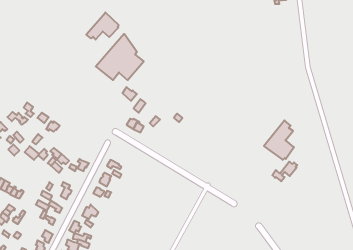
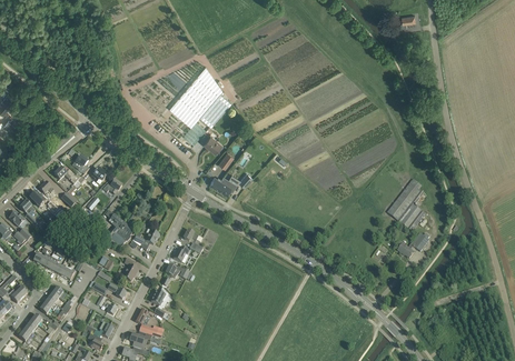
building: [86,12,119,40] -> none

